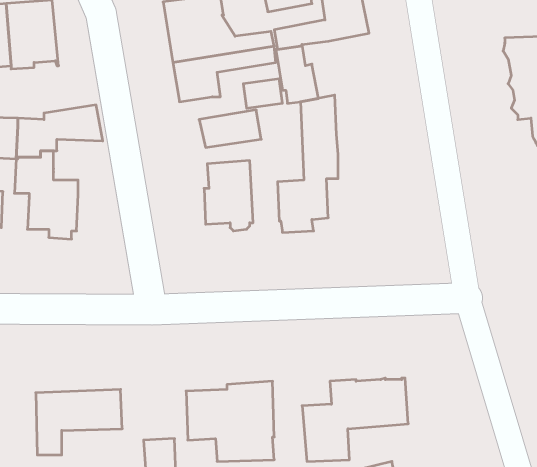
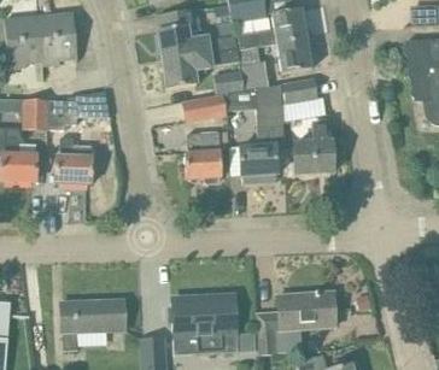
building: none -> [276,37,311,74]
building: none -> [281,78,328,116]
building: none -> [293,121,333,174]

